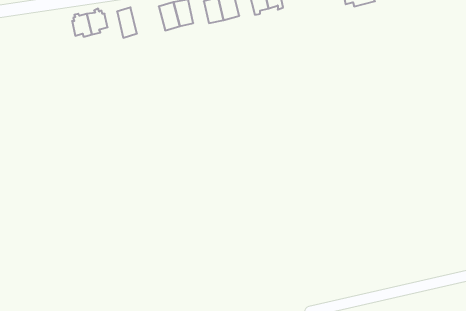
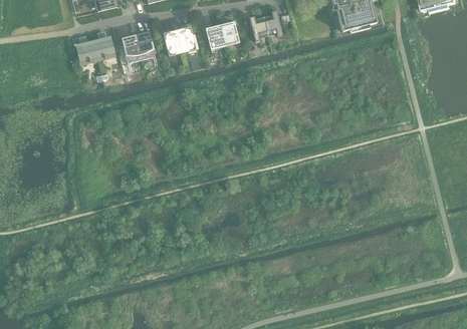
building: none -> [135,30,155,58]

